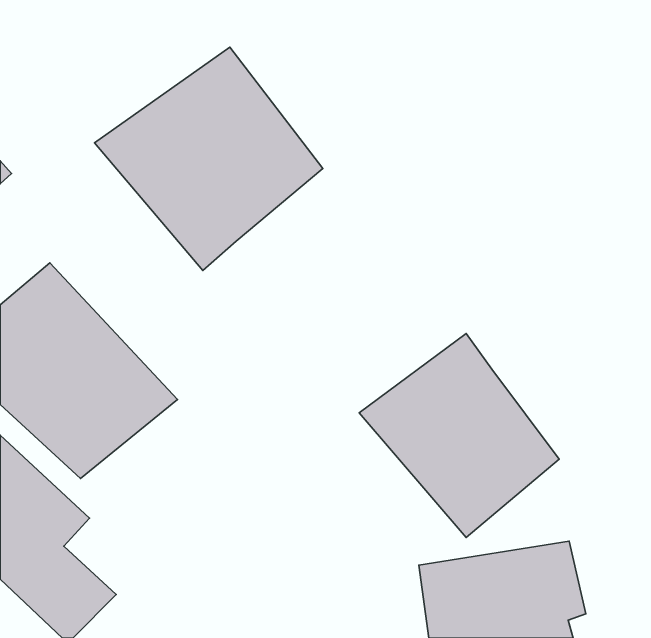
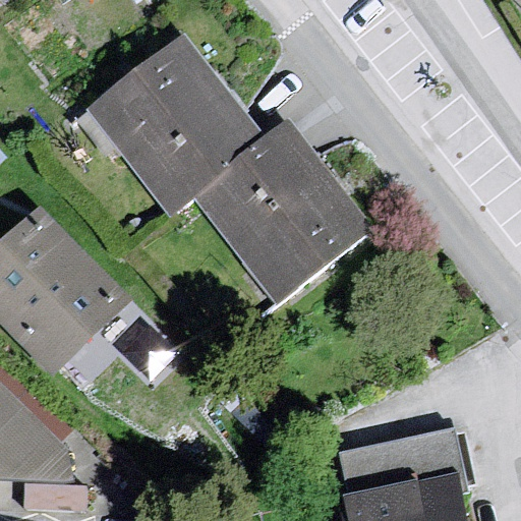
building: none -> [189,119,369,311]
building: [359,334,559,537] -> none

